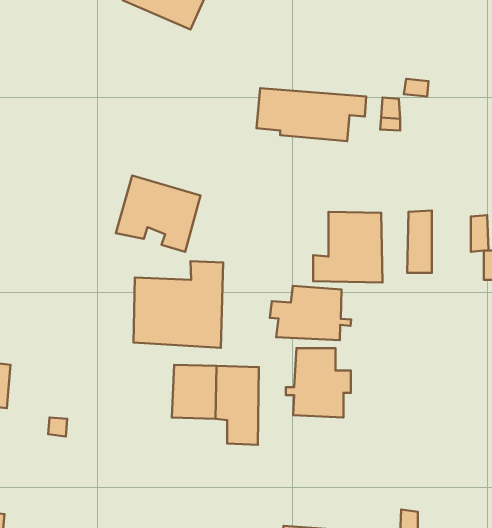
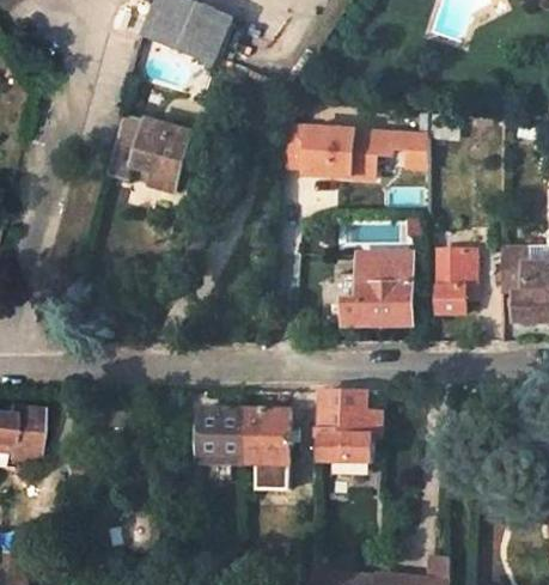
building: [116,175,200,252] -> [104,114,190,191]
building: [133,261,223,348] -> none
building: [270,286,351,340] -> none

